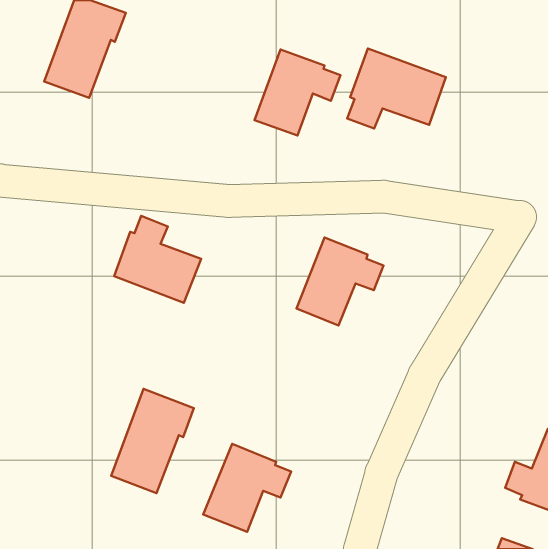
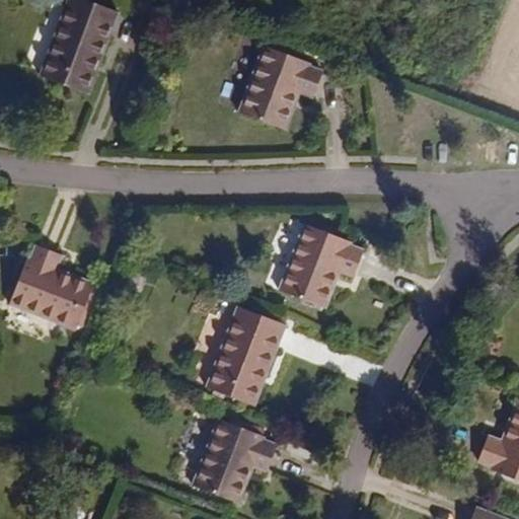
building: [347,48,446,129] -> none
building: [114,216,201,303] -> [10,244,92,326]
building: [111,389,194,493] -> [209,306,287,404]

